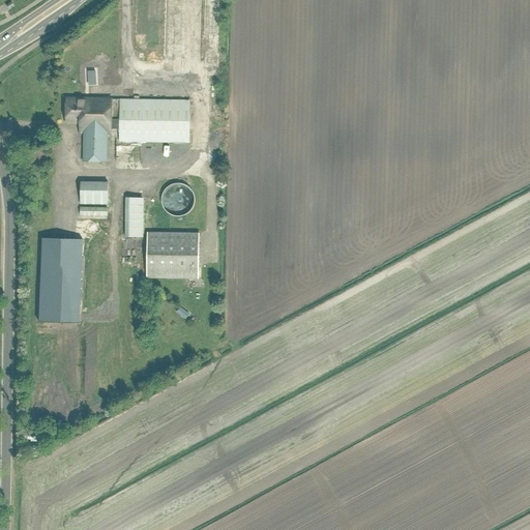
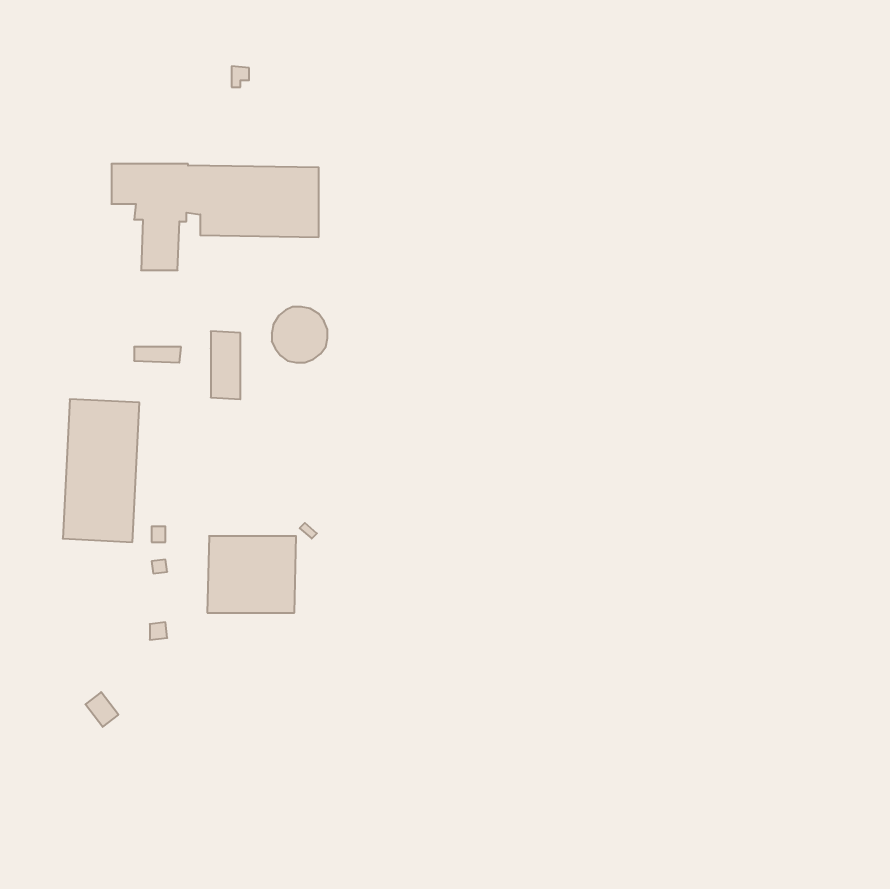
building: [80,180,108,203] -> none
building: [146,232,199,277] -> [207,536,296,613]

